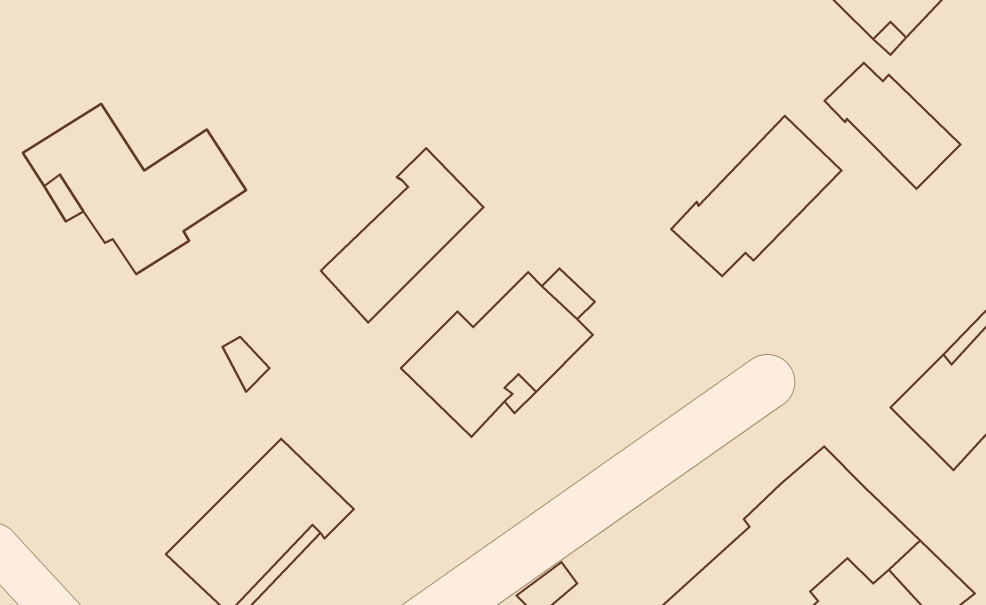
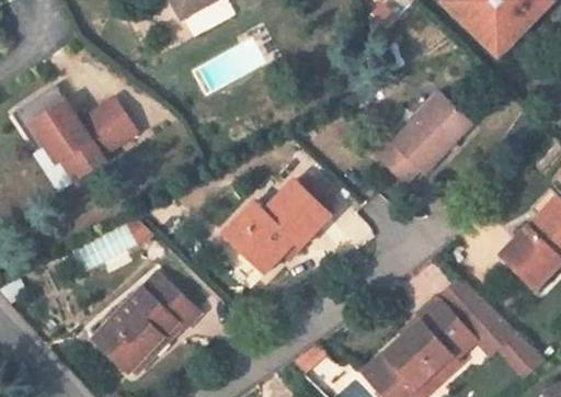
building: [825,63,960,189] -> none
building: [321,148,483,322] -> none

